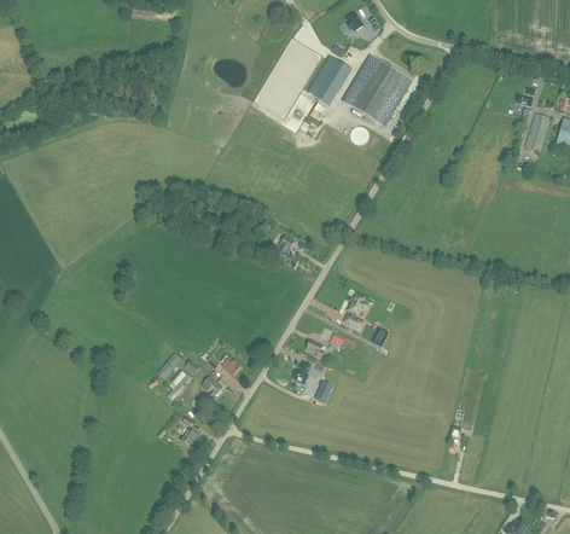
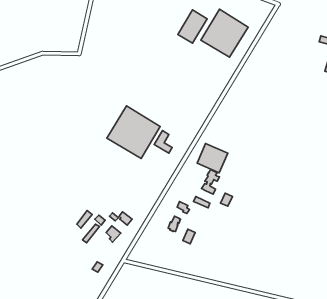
building: none -> [107,106,160,158]
building: none -> [197,144,228,173]

